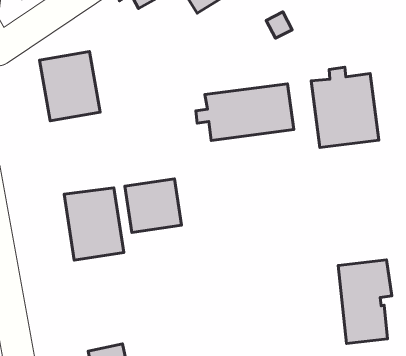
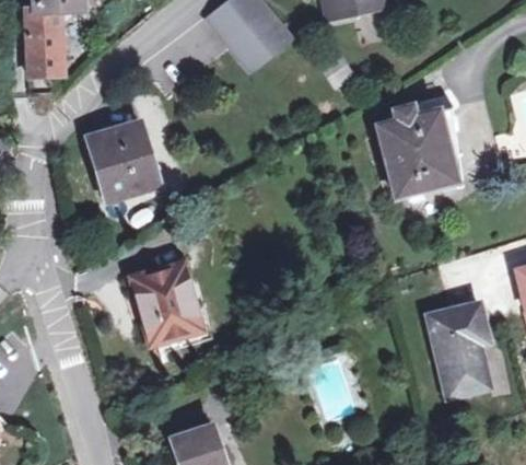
building: [196,84,294,140] -> none
building: [125,179,181,233] -> none

